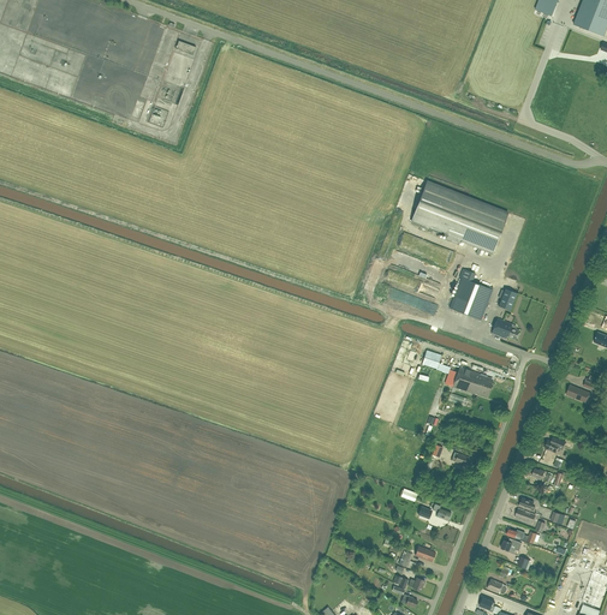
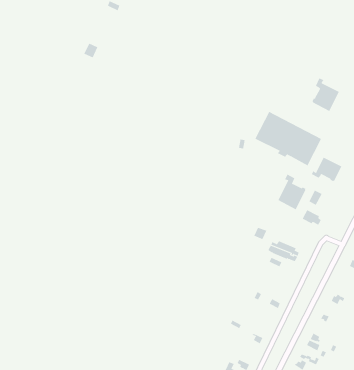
building: none -> [311,78,339,112]
building: none -> [311,157,342,182]

